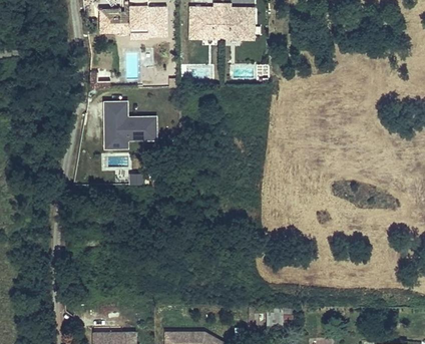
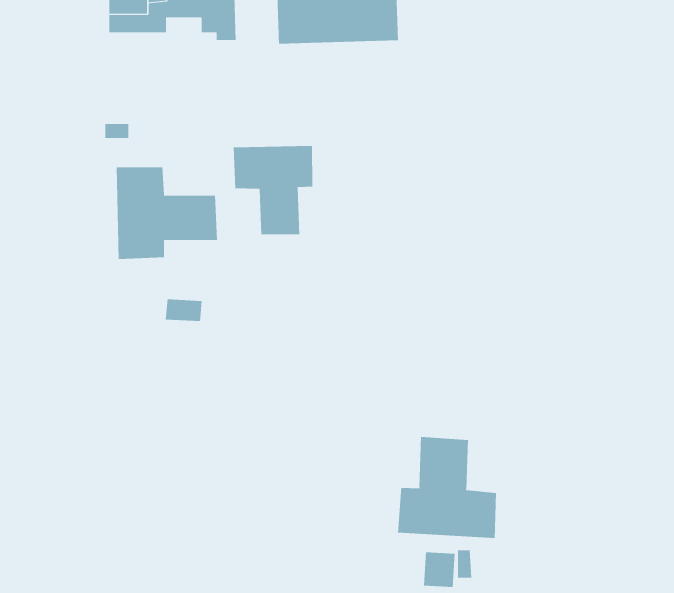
building: none -> [233,145,313,235]
building: none -> [397,436,497,539]

